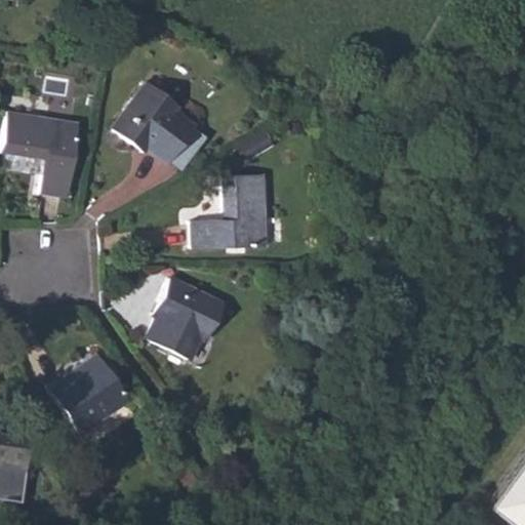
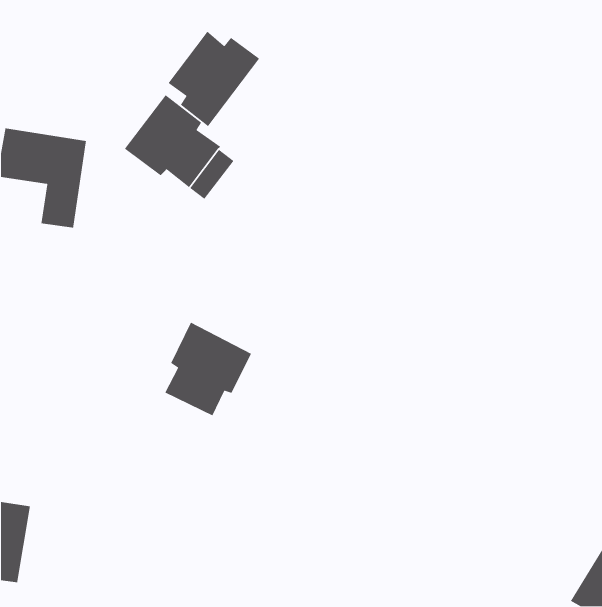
building: none -> [167,30,260,127]
building: [191,174,267,248] -> none
building: [47,354,128,433] -> none

